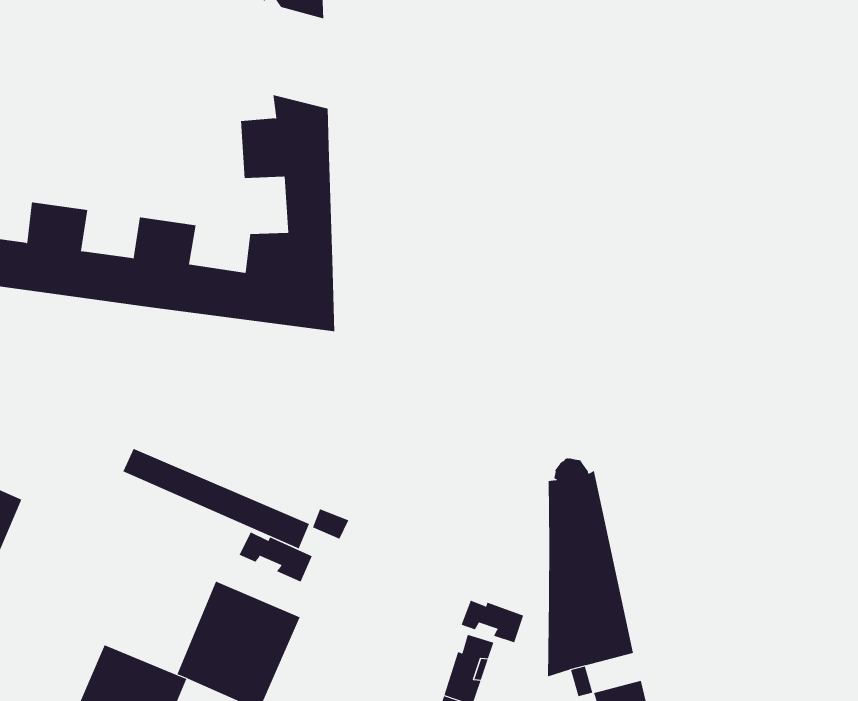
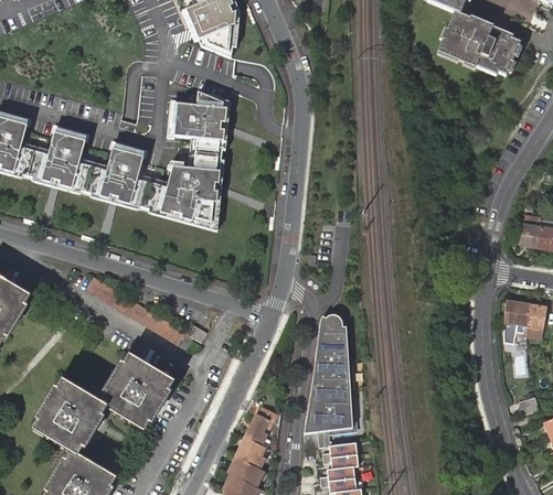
building: [239,531,312,582] -> none
building: [461,600,524,643] -> none

